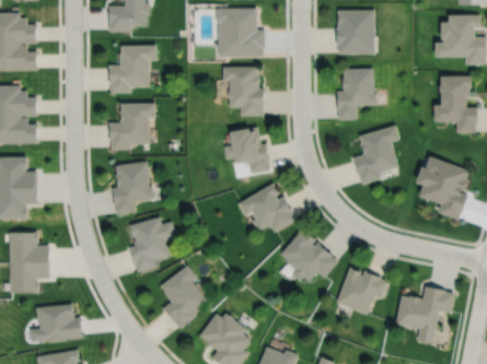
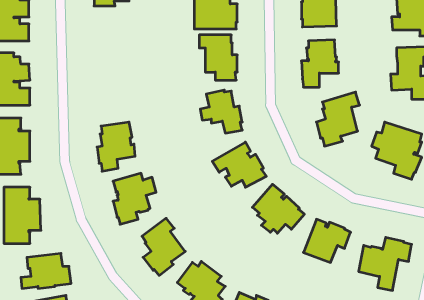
building: [108,43,156,91] -> none
building: [108,102,155,148] -> none

